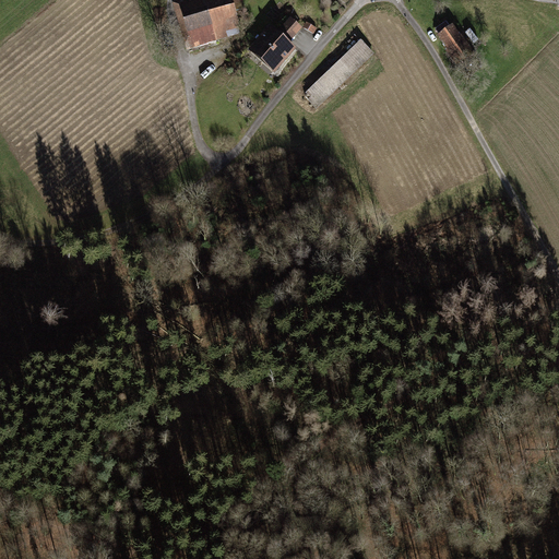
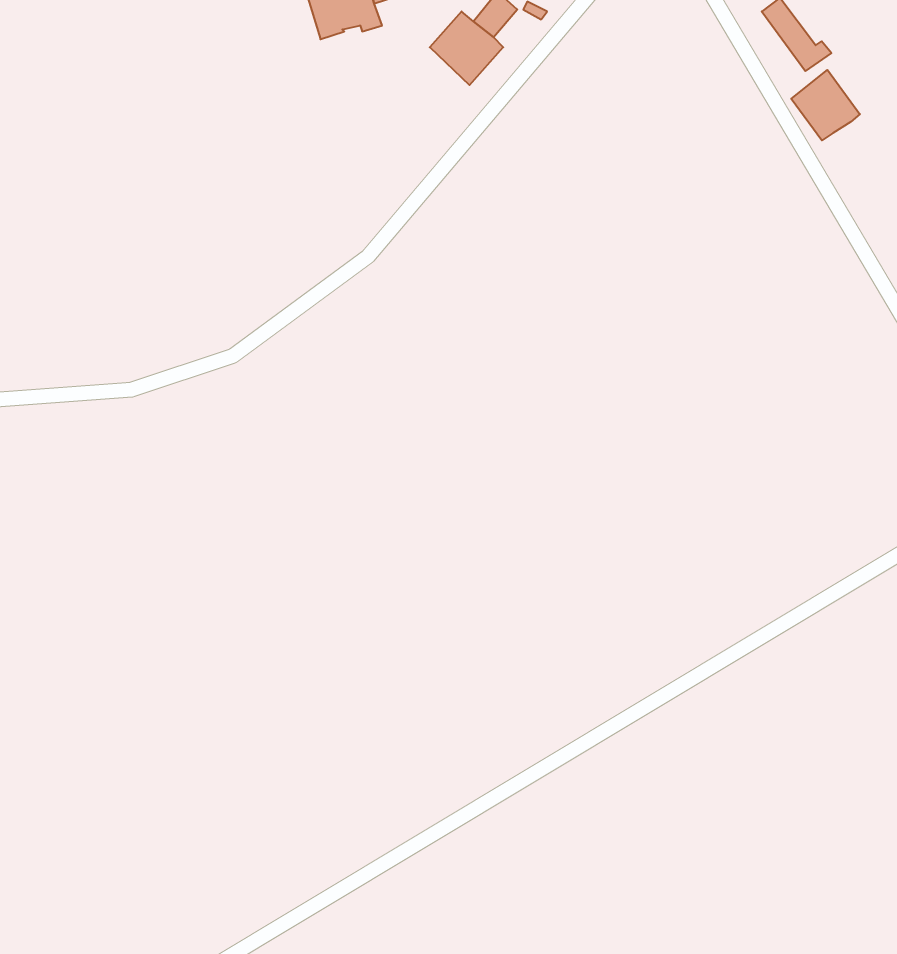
building: [306,40,372,106] -> none
building: none -> [791,70,860,140]

